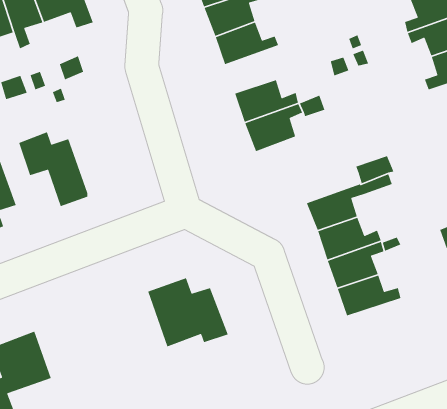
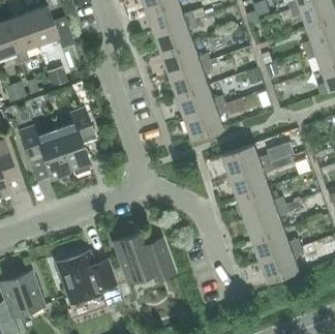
building: none -> [170,61,213,96]
building: none -> [55,109,93,175]
building: none -> [222,144,270,177]
building: none -> [260,244,309,282]
building: none -> [55,251,120,306]

